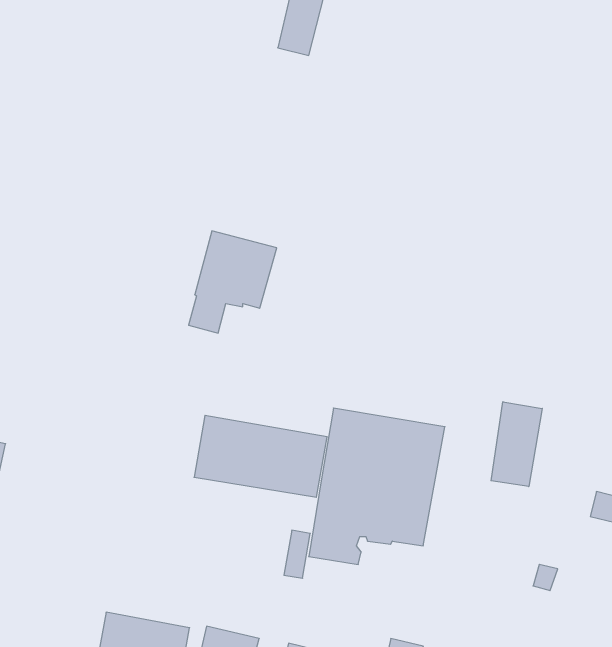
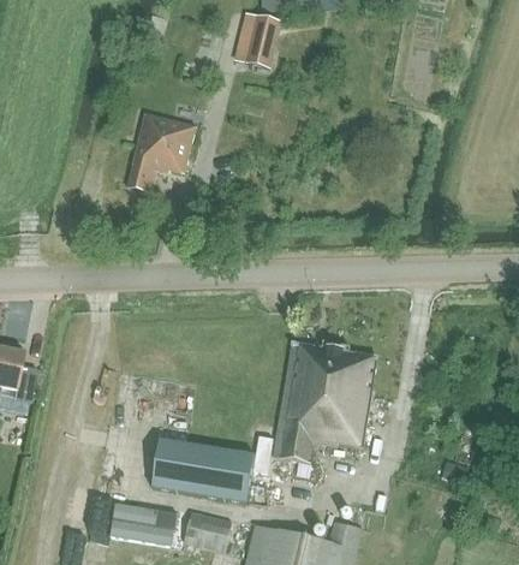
building: [189,231,277,333] -> [129,113,197,192]
building: [491,402,542,487] -> none
building: [194,415,327,497] -> [149,440,252,504]

